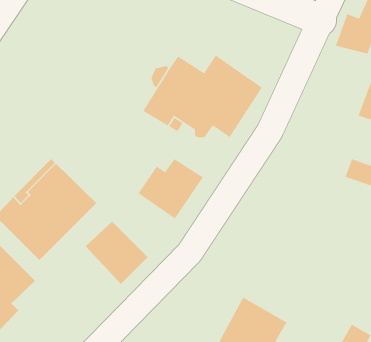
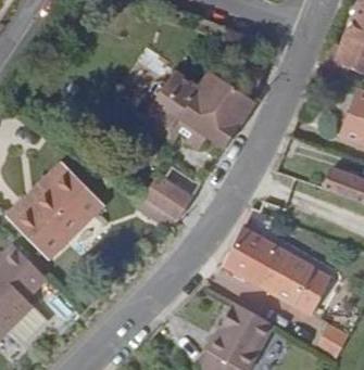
building: none -> [226,226,337,314]
building: [85,221,148,285] -> none

